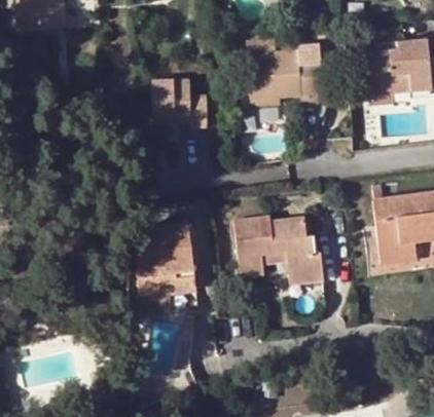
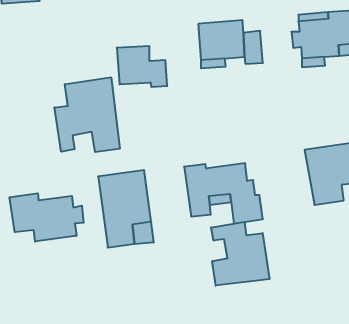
building: none -> [54,77,120,152]
building: none -> [9,193,84,242]
building: none -> [211,222,270,286]

